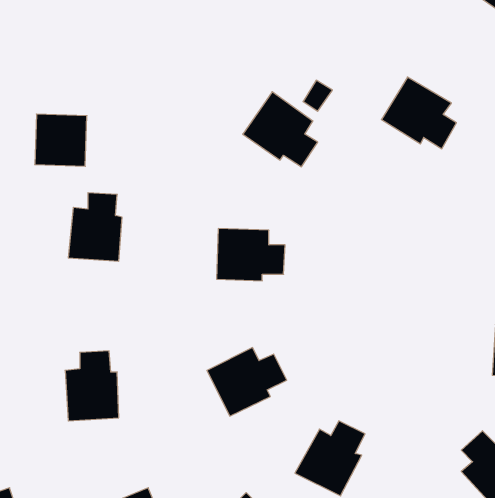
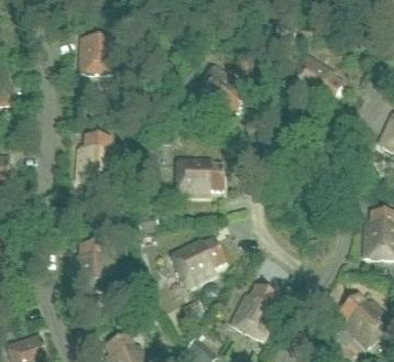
building: [35,114,87,166] -> [79,35,114,70]

